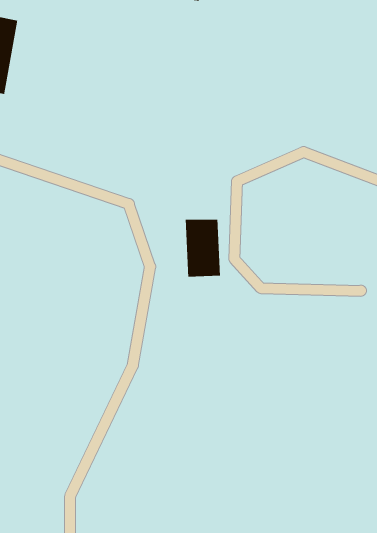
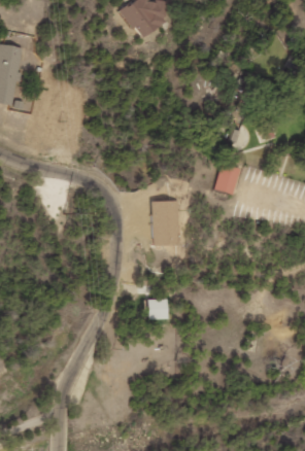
building: none -> [213,163,240,195]
building: none -> [146,299,167,319]

